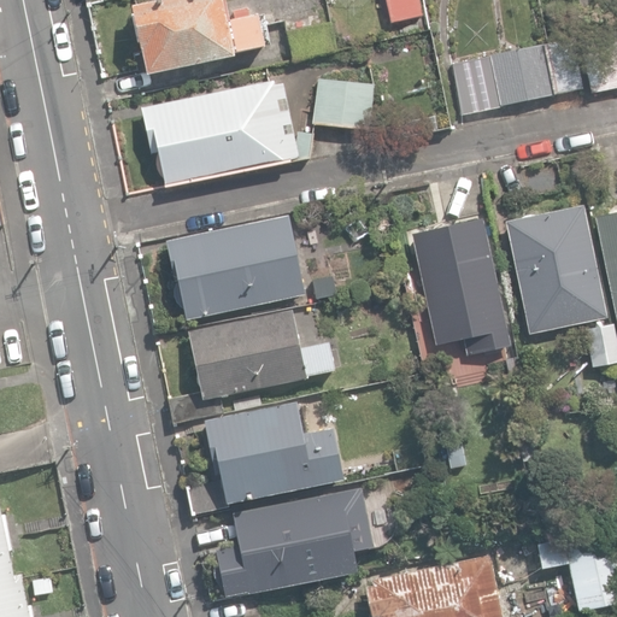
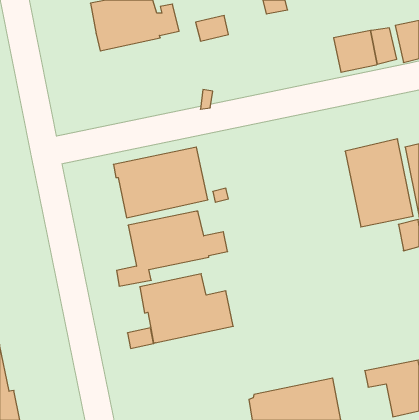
building: [452,55,500,113] -> none
building: [313,78,374,129] -> none
building: [140,80,289,187] -> none
building: [410,218,511,355] -> none
building: [233,487,371,592] -> none

